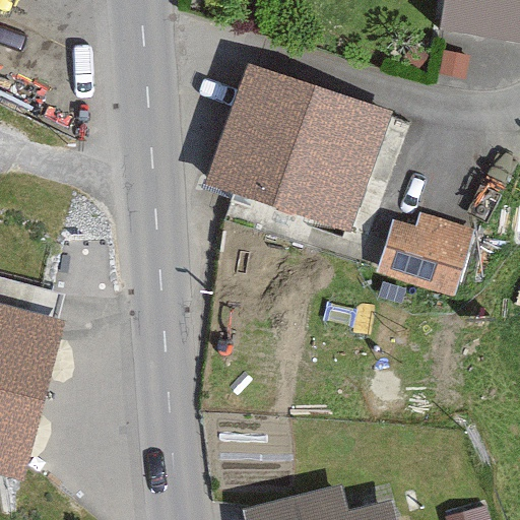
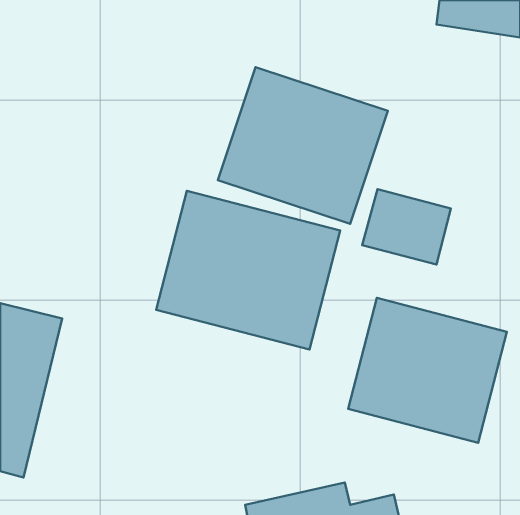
building: none -> [156,191,340,350]
building: none -> [348,298,507,443]

